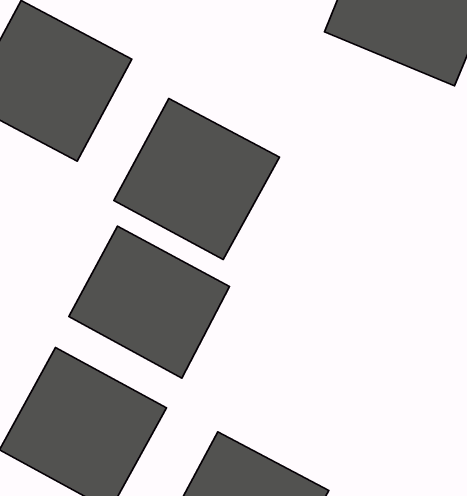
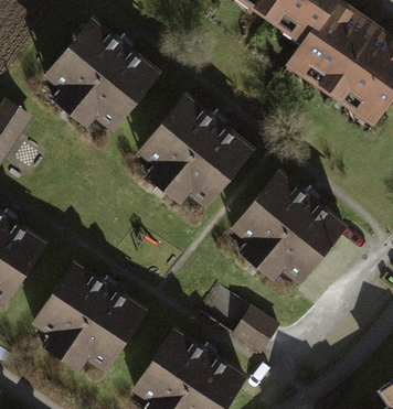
building: none -> [229,169,343,281]
building: [69,226,230,378] -> none
building: none -> [233,309,280,356]

